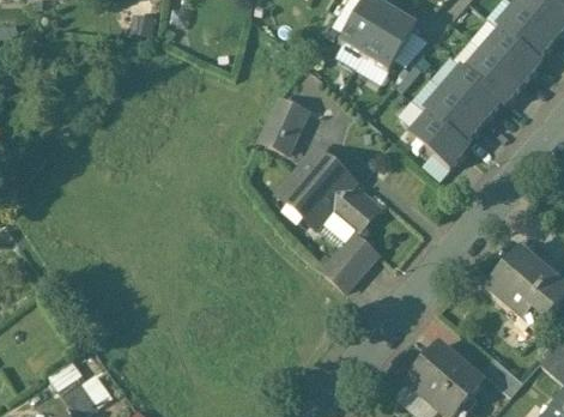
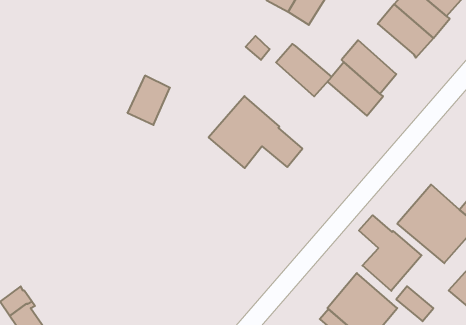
building: [439,67,501,125] -> [276,44,332,96]
building: [259,98,305,152] -> [127,76,170,125]
building: [321,234,376,290] -> none
building: none -> [359,215,422,291]

